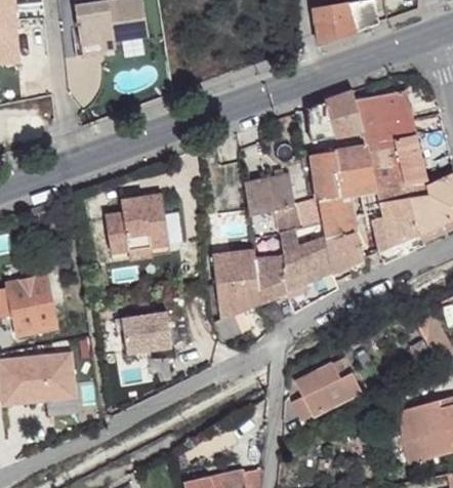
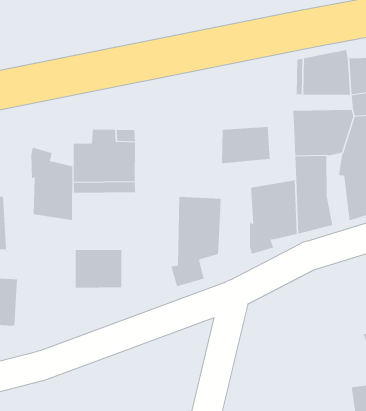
building: [274,198,321,234] -> none
building: none -> [31,147,73,221]
building: [254,255,286,301] -> none
building: [294,358,360,417] -> none

